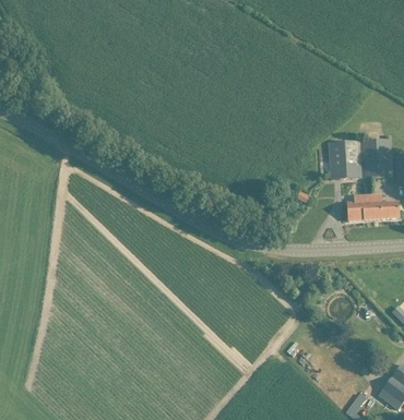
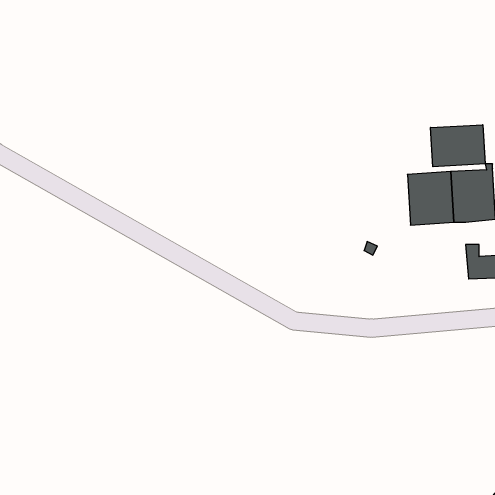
building: none -> [431,125,485,167]
building: [346,194,372,220] -> none

